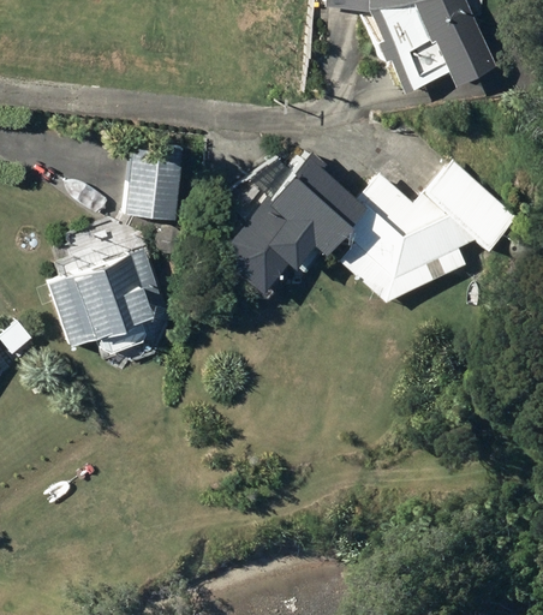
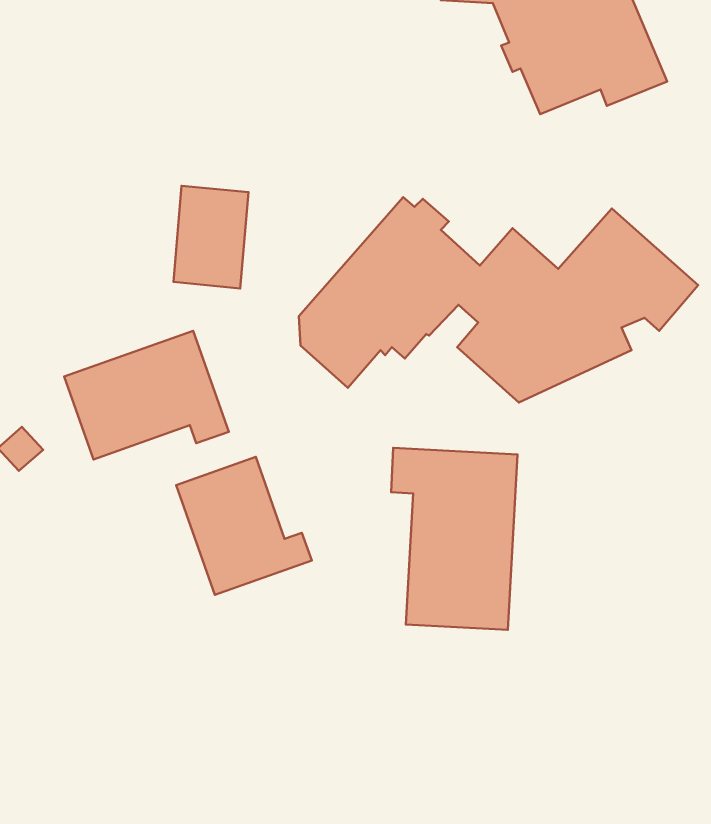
building: none -> [391,448,517,630]
building: none -> [176,457,312,595]

